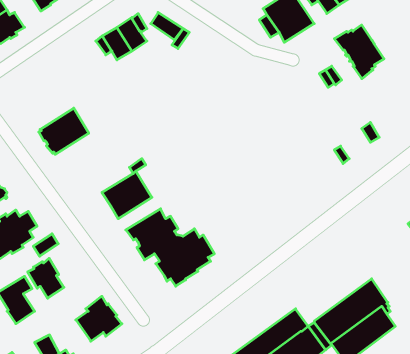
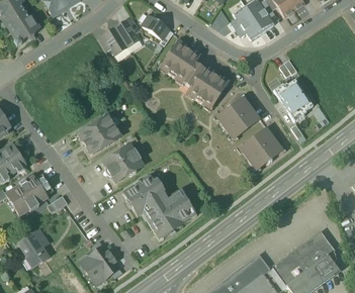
building: [334,25,384,79] -> [272,79,313,122]
building: none -> [161,42,226,107]
building: [39,108,89,154] -> [79,116,119,154]
building: none -> [216,98,258,138]
building: none -> [240,129,281,170]
building: [28,258,64,298] -> none

